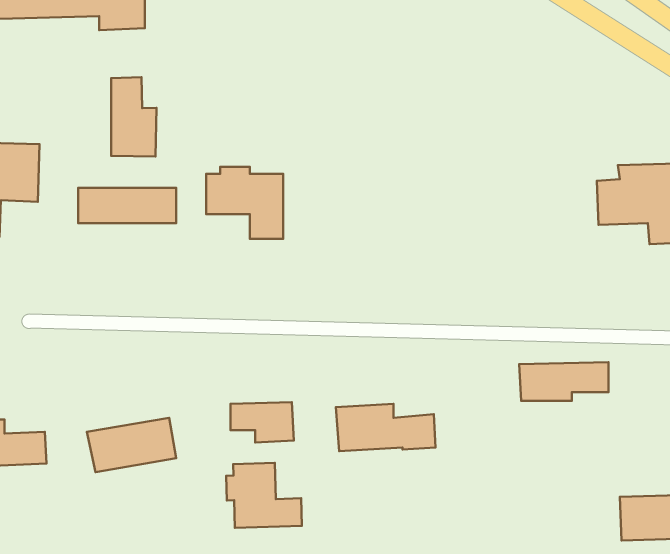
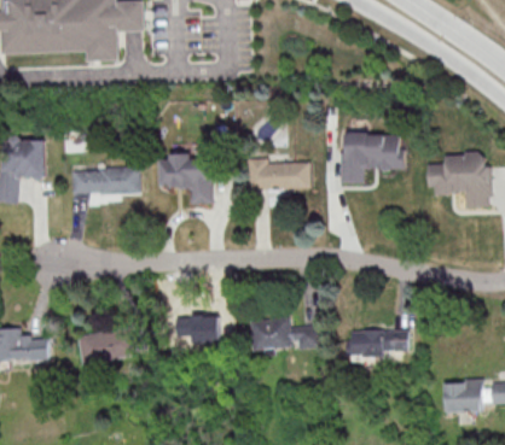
building: [111,77,156,157] -> none
building: none -> [339,133,404,182]
building: none -> [248,158,309,189]
building: [519,362,609,401] -> [347,329,408,356]
building: [226,463,302,528] -> none

